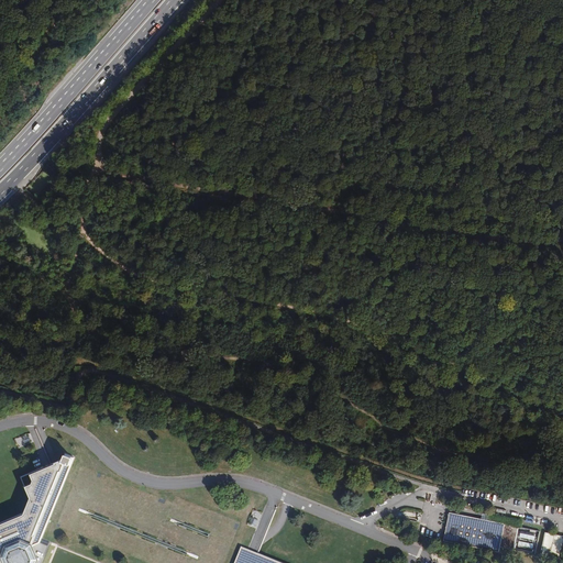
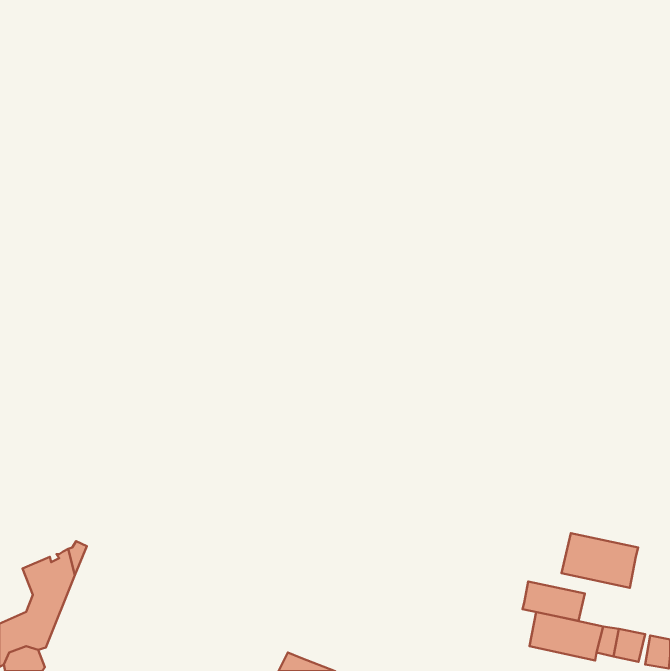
building: none -> [561,533,638,588]
building: none -> [523,581,585,621]

